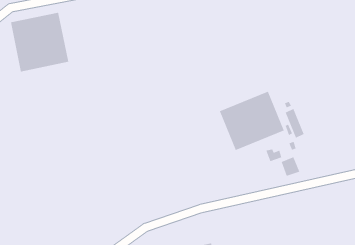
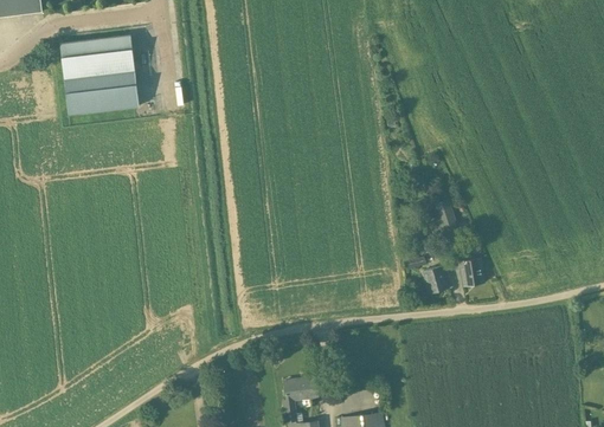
building: [219,91,284,151] -> none
building: none -> [460,258,483,285]

